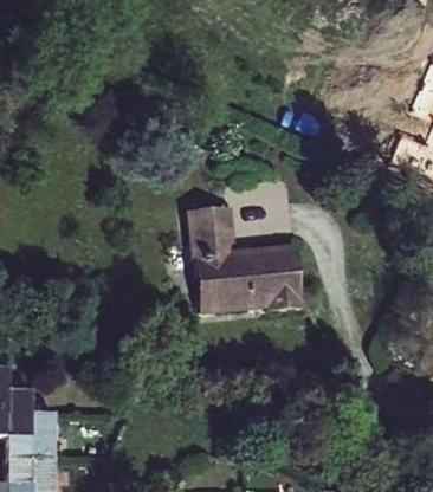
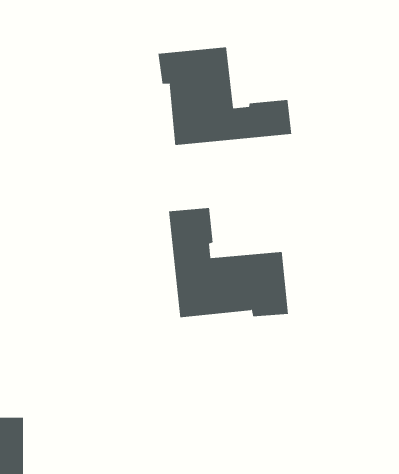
building: none -> [158,46,292,146]

